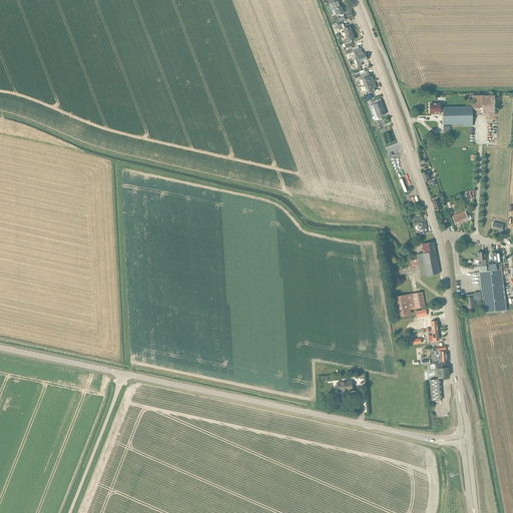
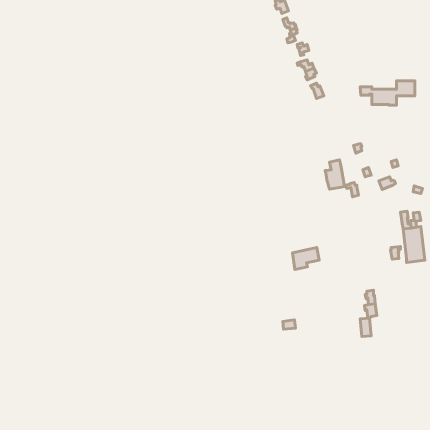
building: [416,241,439,277] -> [325,160,345,189]
building: [393,292,425,318] -> [292,248,319,269]

